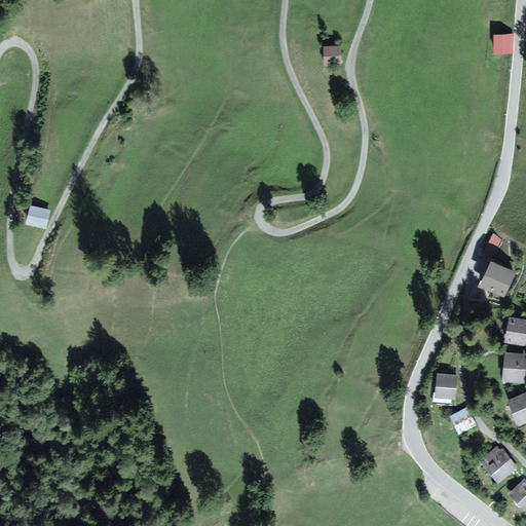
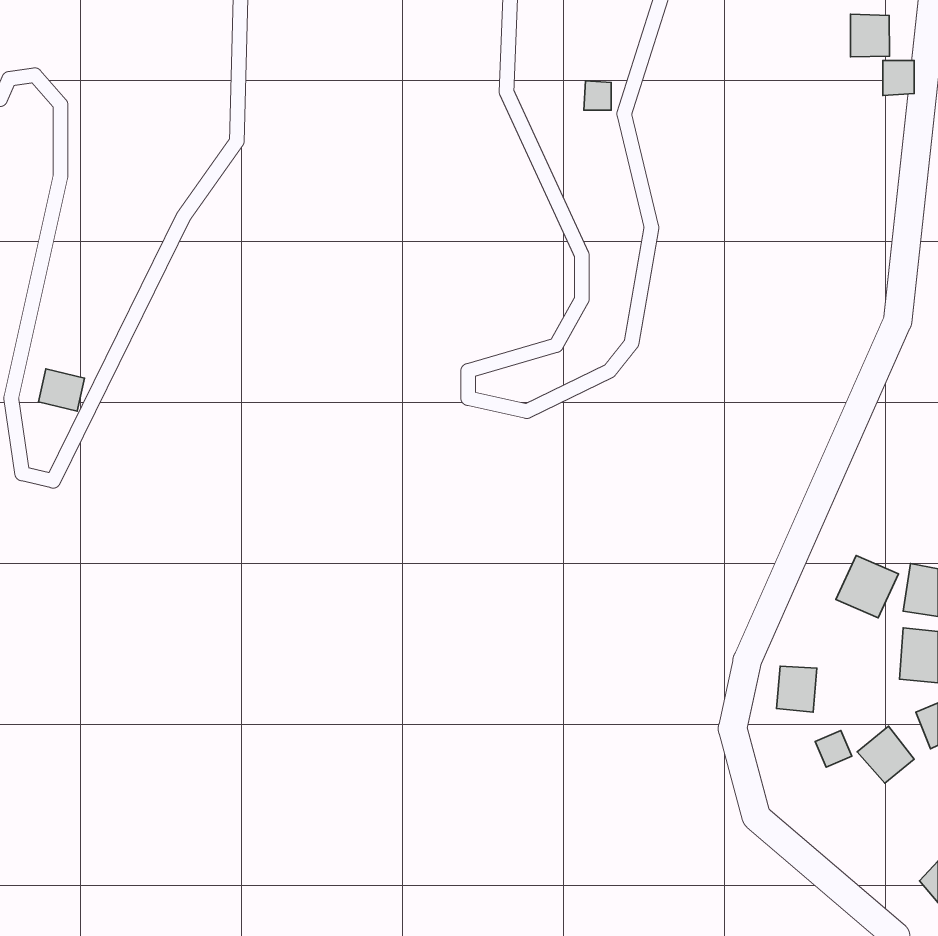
building: none -> [851,14,889,57]
building: [480,261,515,296] -> [836,555,898,618]
building: [484,448,516,480] -> [857,726,914,783]

